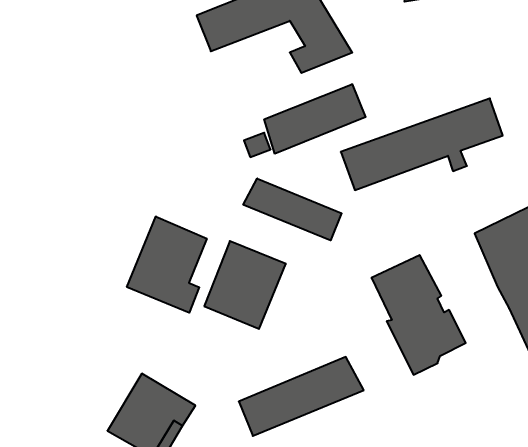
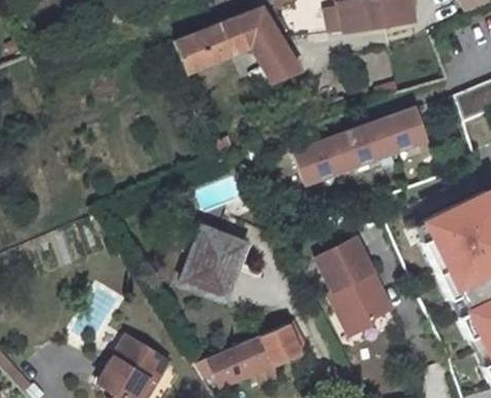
building: [264,84,366,154] -> none
building: [243,178,342,240] -> none
building: [127,216,207,313] -> none

